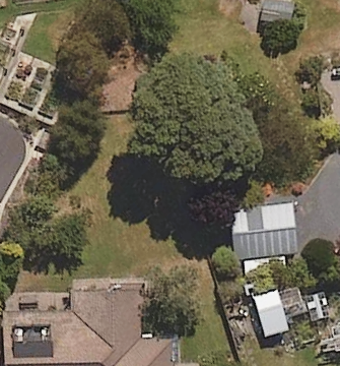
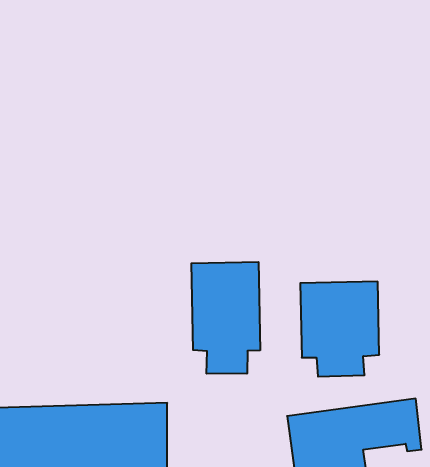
building: none -> [191,262,260,374]

